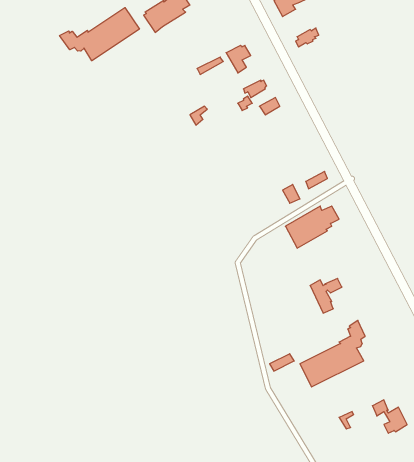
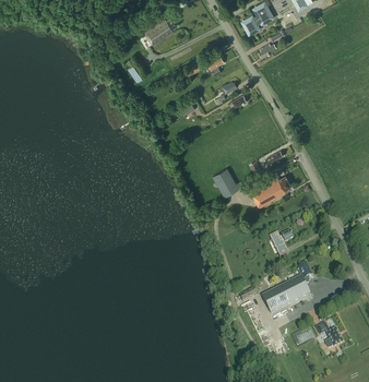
building: [60,8,139,61] -> none
building: none -> [213,168,242,198]

